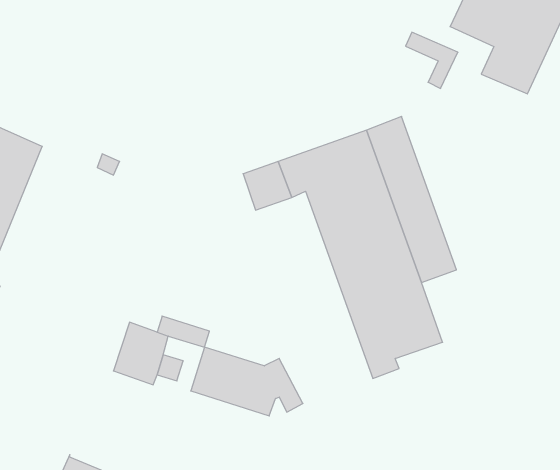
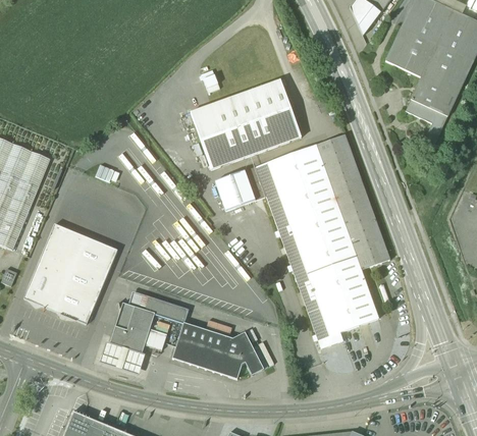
building: [406,32,458,88] -> [405,99,447,145]
building: none -> [190,78,301,169]
building: none -> [23,223,117,324]

